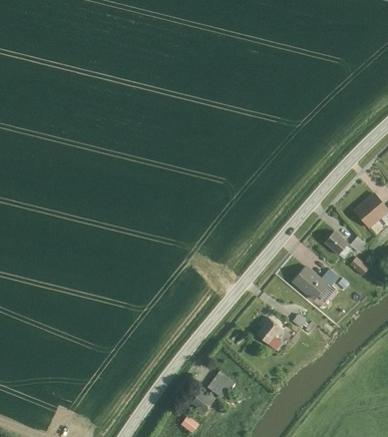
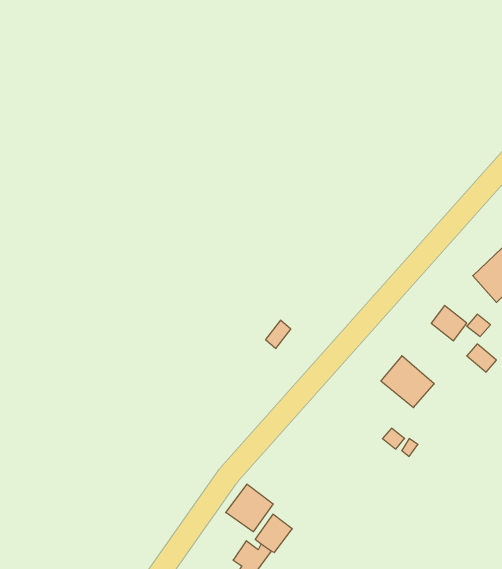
building: [256,316,283,343] -> none
building: none -> [226,484,273,532]

